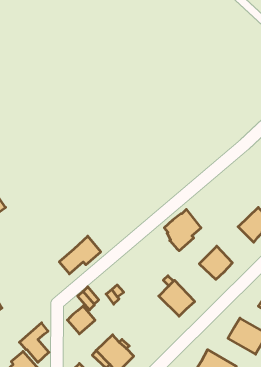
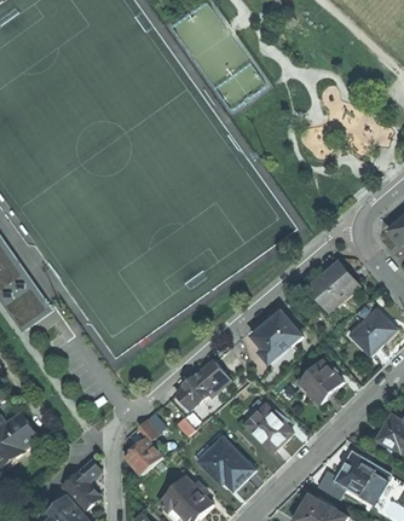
building: none -> [308,262,357,309]
building: [59,236,101,274] -> [174,359,229,409]
building: none -> [197,438,253,490]

